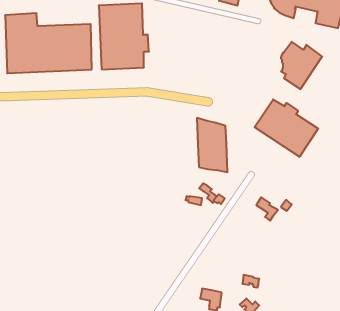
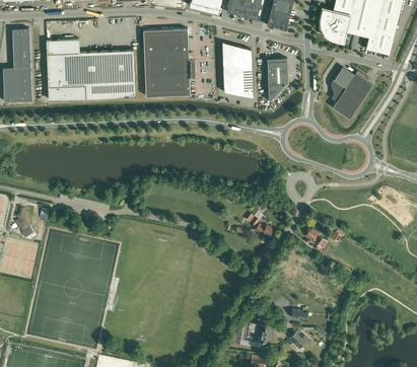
building: none -> [267,57,288,100]
building: [255,99,318,157] -> none
building: [197,118,228,172] -> [222,41,254,96]

